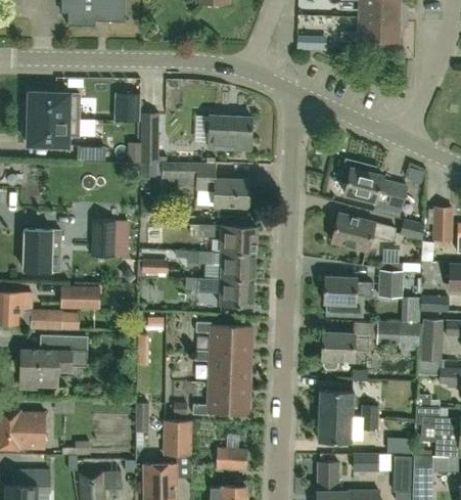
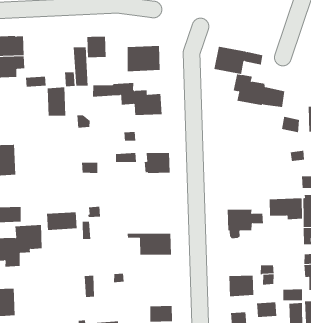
building: [114,94,140,122] -> [87,36,106,58]
building: [331,214,396,252] -> [213,46,263,74]
building: [90,220,114,257] -> [47,87,66,116]
building: [222,225,257,255] -> none
building: [377,270,403,298] -> none
building: [324,276,372,318] -> none
building: [196,277,255,308] -> none
building: [60,287,99,309] -> [46,212,78,231]
building: [194,322,252,357] -> none
building: [192,382,249,415] -> none
building: [320,392,354,417] -> none
building: [164,420,190,455] -> none

